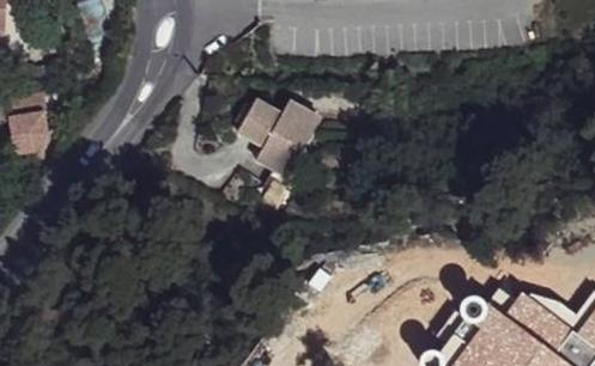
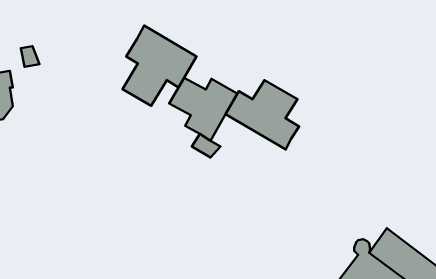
building: none -> [122,25,196,106]
building: none -> [226,80,299,149]

